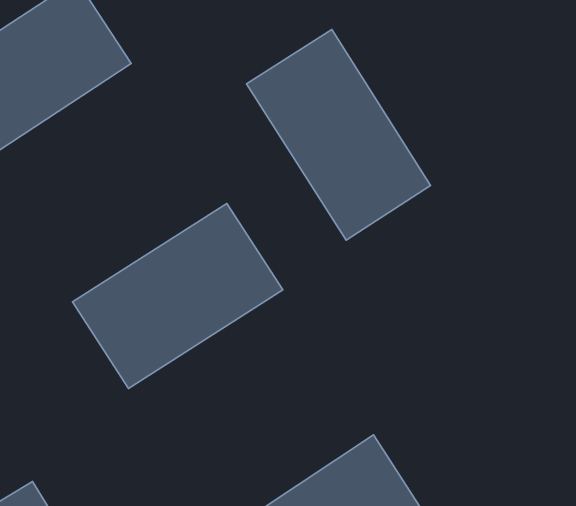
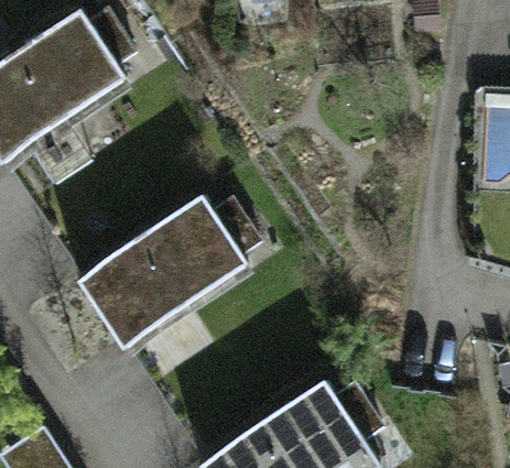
building: [246,29,431,240] -> none

